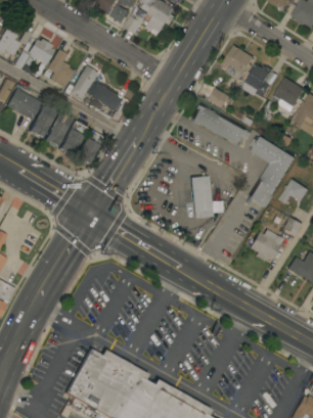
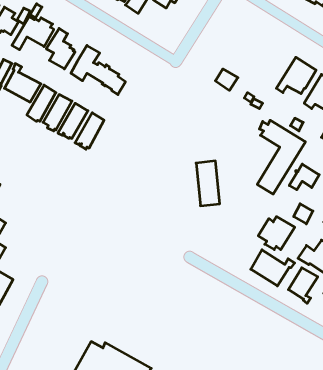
building: [222,45,254,81] -> none
building: [241,64,277,97] -> none
building: [191,104,252,146] -> none
building: none -> [251,250,295,286]
building: none -> [288,268,318,303]

